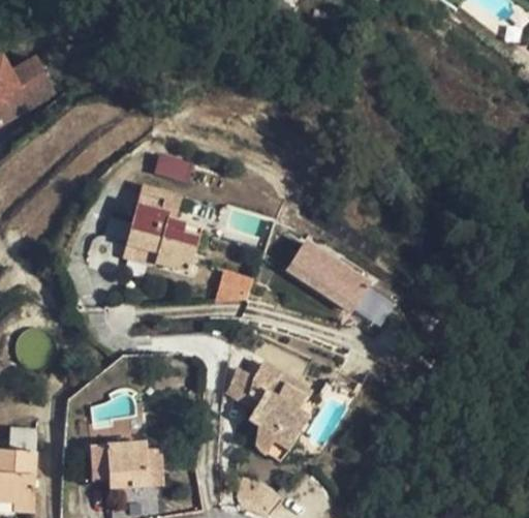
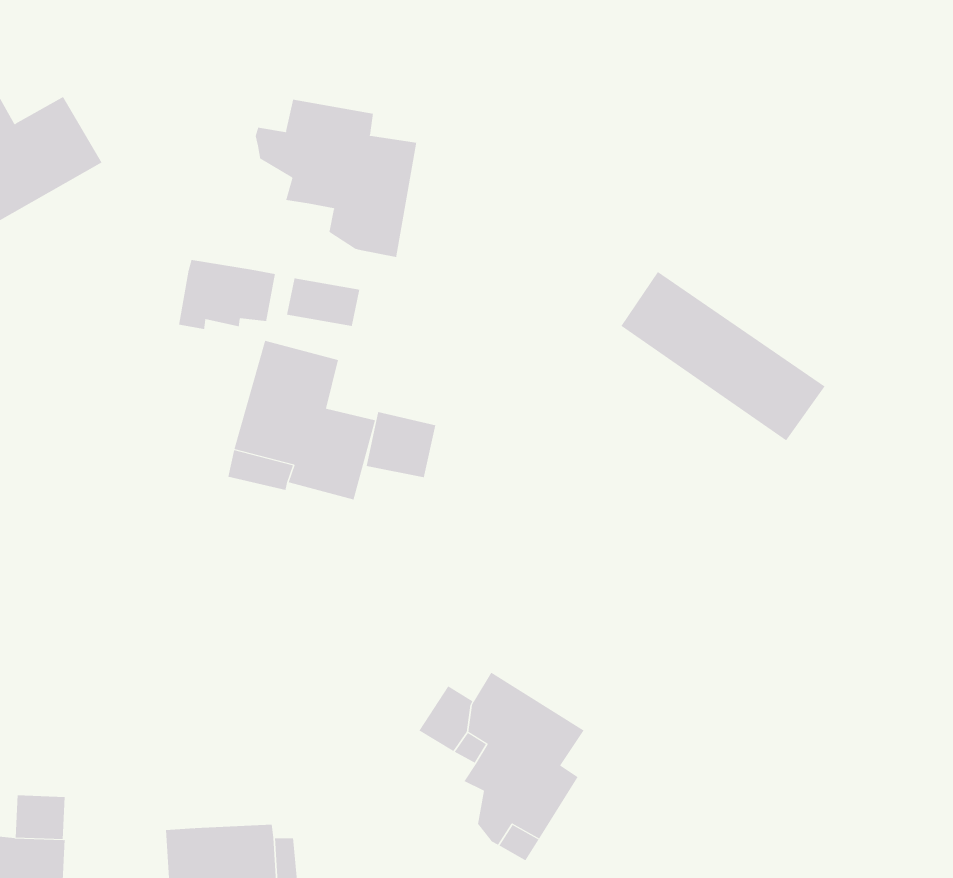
building: none -> [255,99,417,258]
building: none -> [178,259,275,330]
building: [285,238,394,328] -> [621,271,825,441]
building: [215,268,252,303] -> [366,412,436,478]

